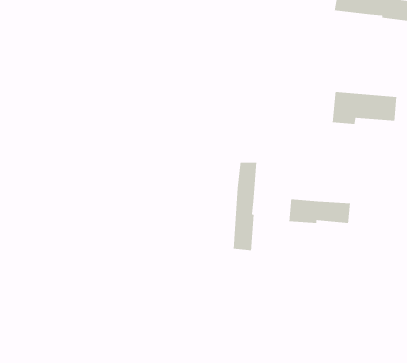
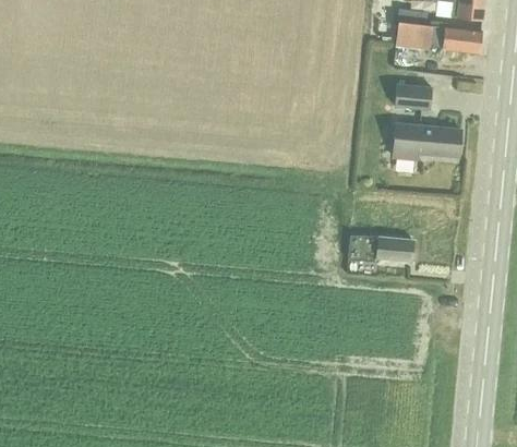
building: none -> [396,85,432,110]
building: [233,162,257,251] -> none

